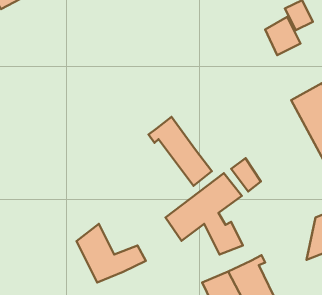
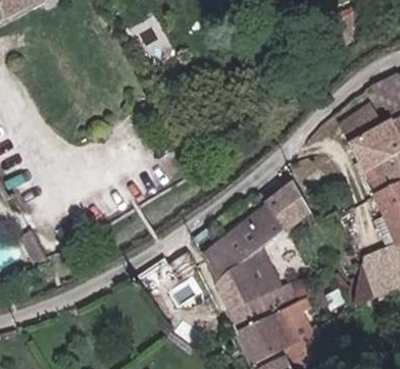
building: [265,17,300,55] -> none
building: [148,117,212,186] -> none
building: [77,224,146,283] -> [213,261,292,327]

